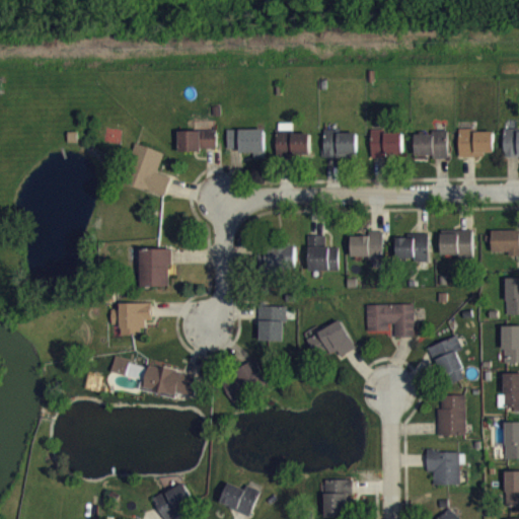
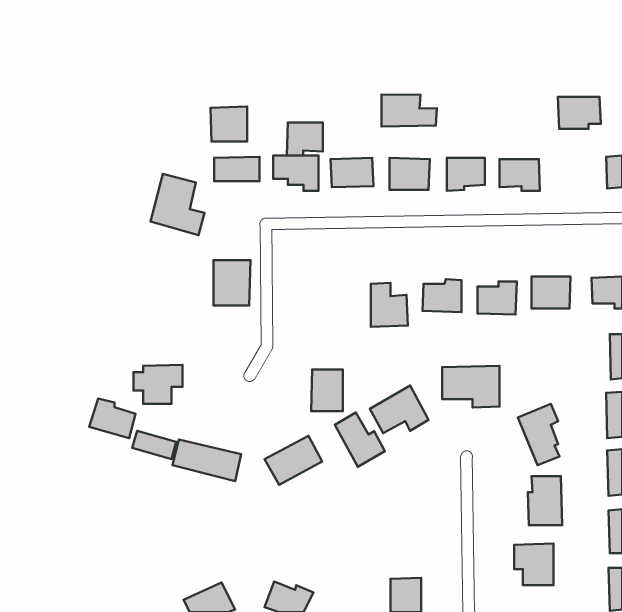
building: none -> [382,95,437,127]
building: none -> [210,106,247,142]
building: none -> [287,123,323,155]
building: [457,130,493,156] -> [558,97,601,129]
building: [265,245,295,269] -> none
building: [140,248,170,286] -> [214,260,250,305]
building: none -> [89,399,136,438]
building: none -> [335,412,385,467]

